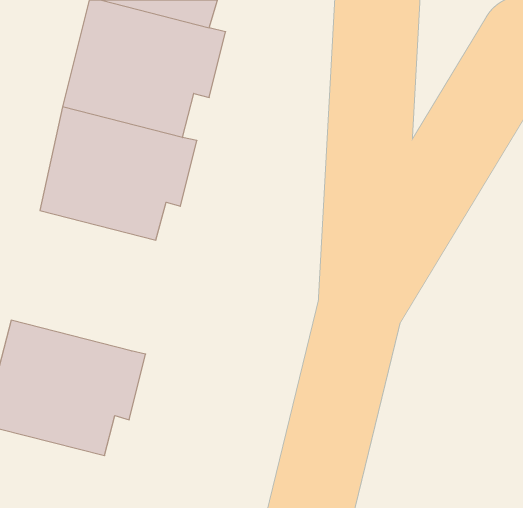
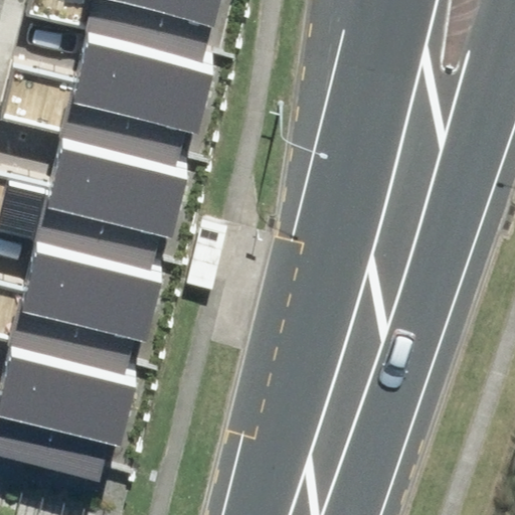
building: none -> [11,222,171,360]

